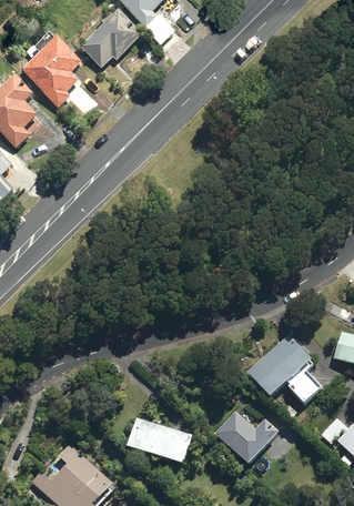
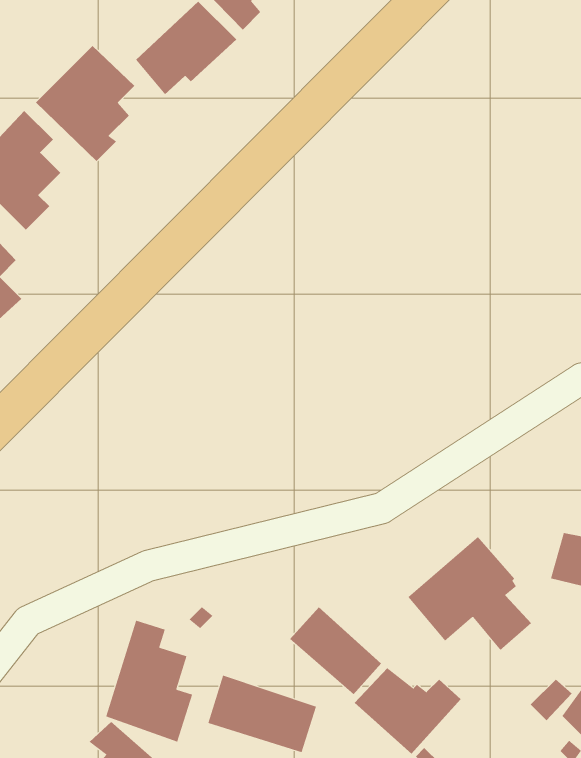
building: none -> [289,607,382,695]
building: none -> [106,620,193,743]

